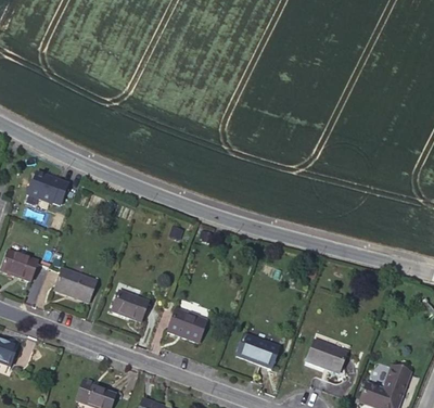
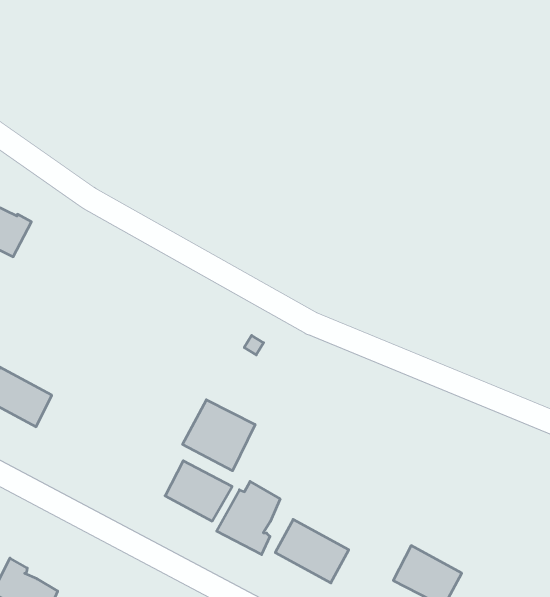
building: none -> [183,400,255,471]
building: [113,290,146,320] -> none
building: none -> [217,481,280,555]

